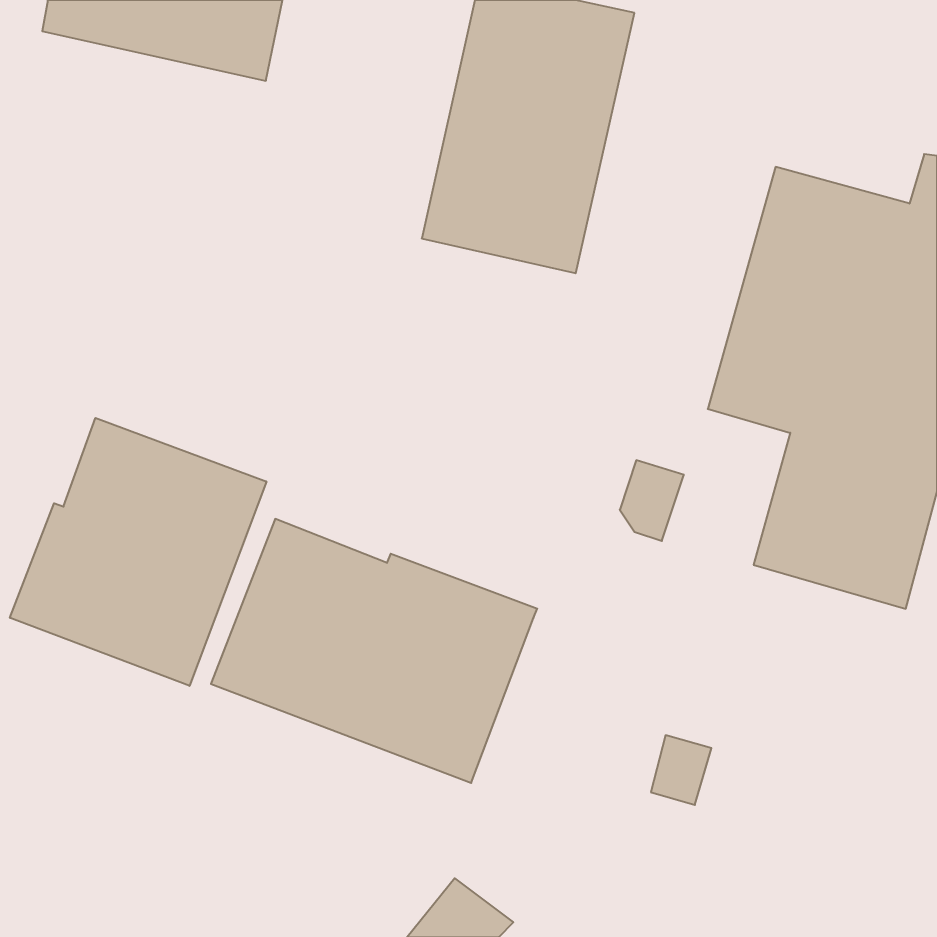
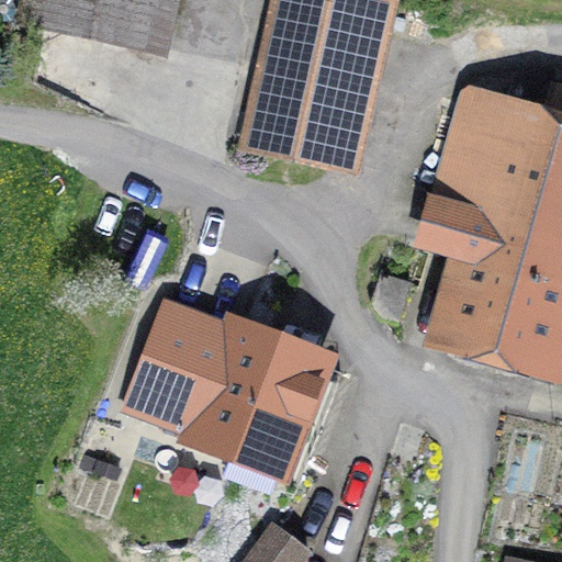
building: [10,418,266,686] -> none

